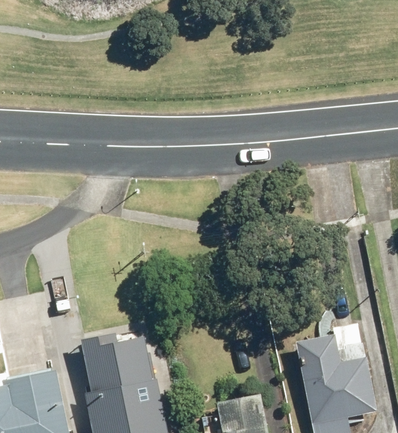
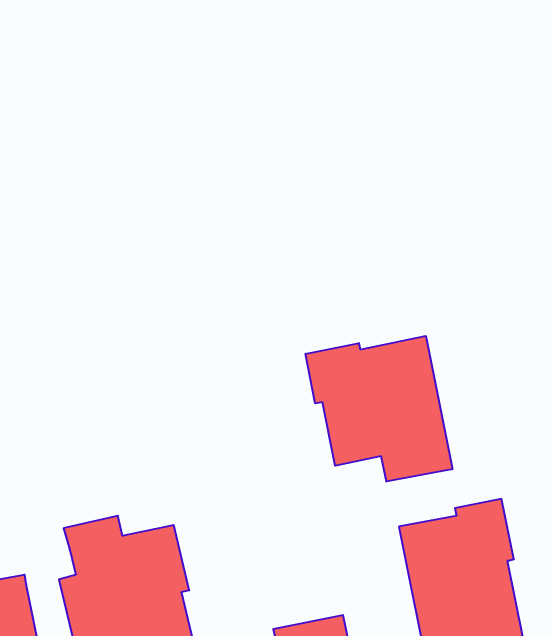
building: none -> [306,336,452,482]

